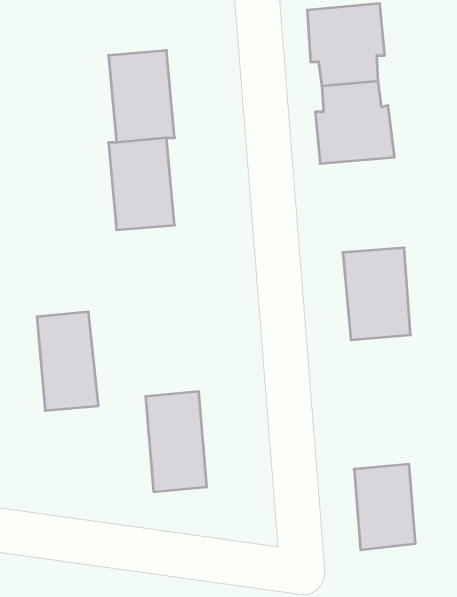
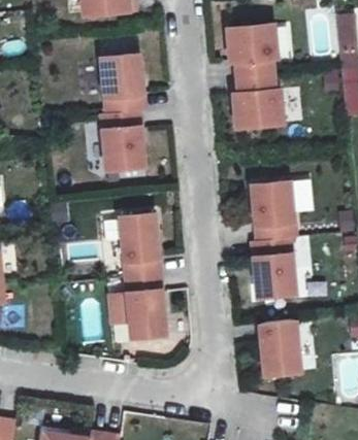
building: [37,312,98,411] -> [121,213,160,276]
building: none -> [252,238,295,297]

